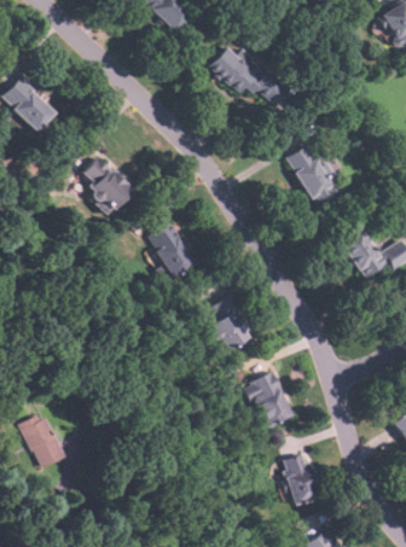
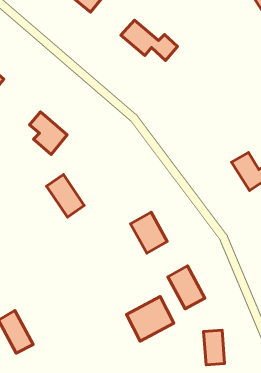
building: [286,142,342,206] -> none
building: [149,222,196,278] -> [47,175,84,217]
building: none -> [126,296,174,341]

